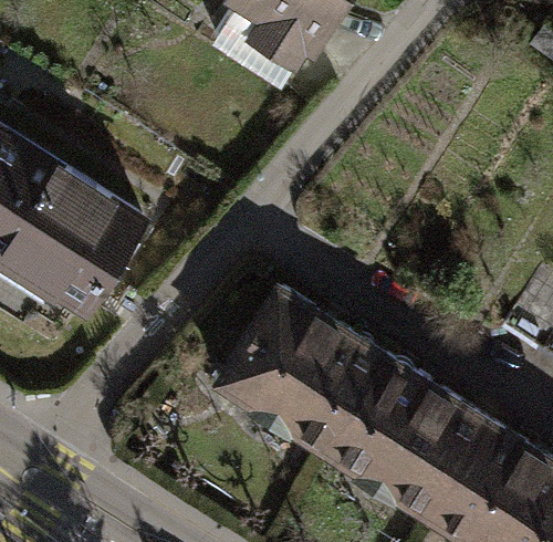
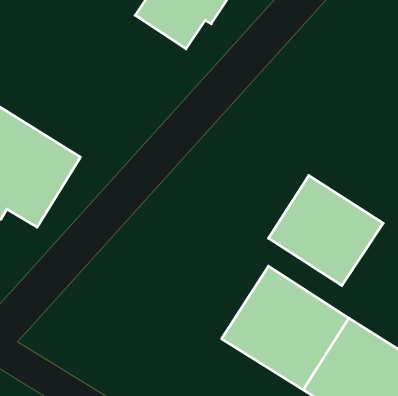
building: none -> [268,175,383,286]
building: [218,289,384,449] -> none

